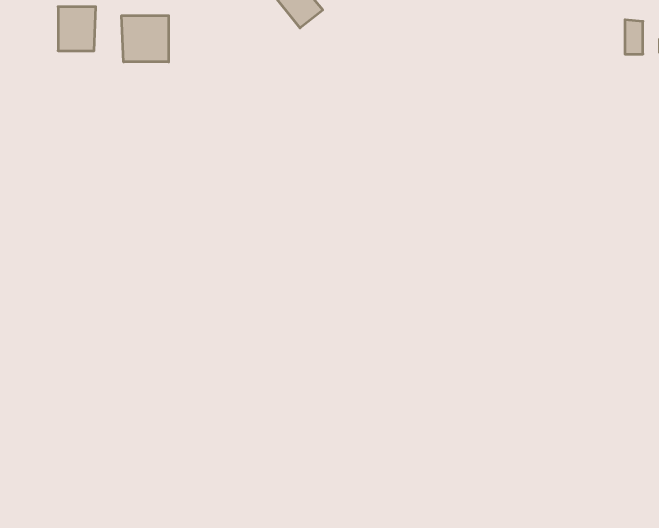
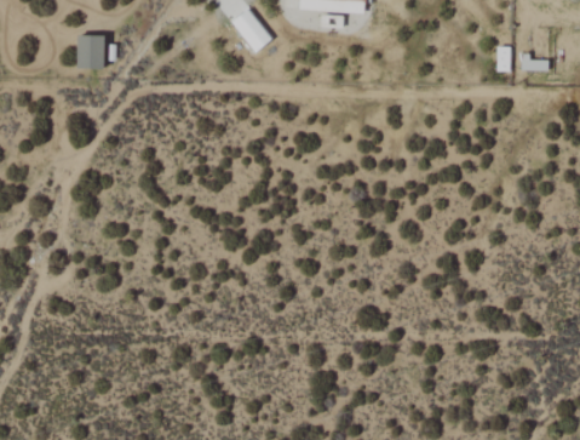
building: [122,16,169,62] -> none

